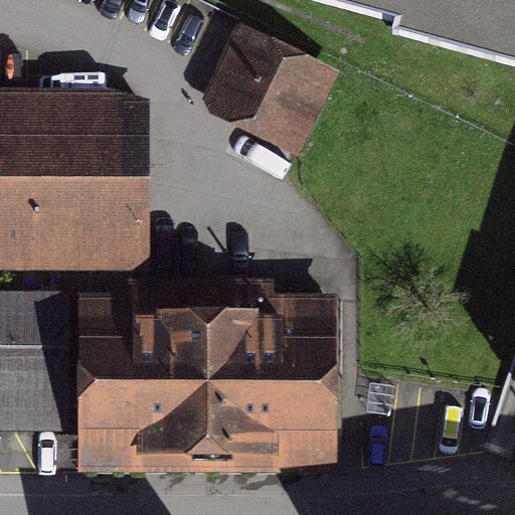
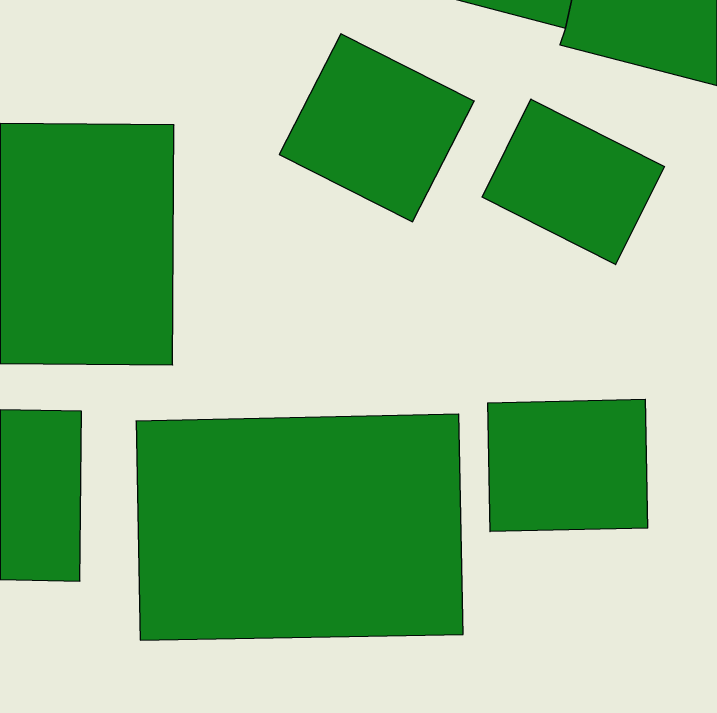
building: none -> [482,99,664,265]
building: none -> [488,399,648,532]

